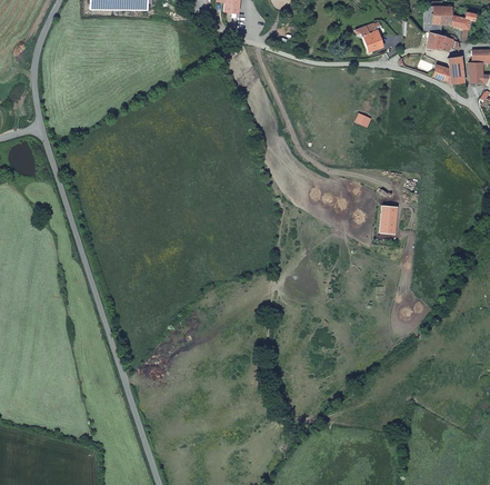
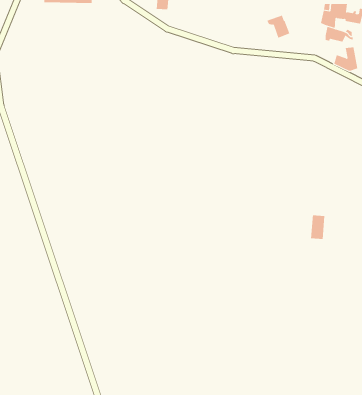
building: [381,201,399,230] -> [310,215,325,239]

